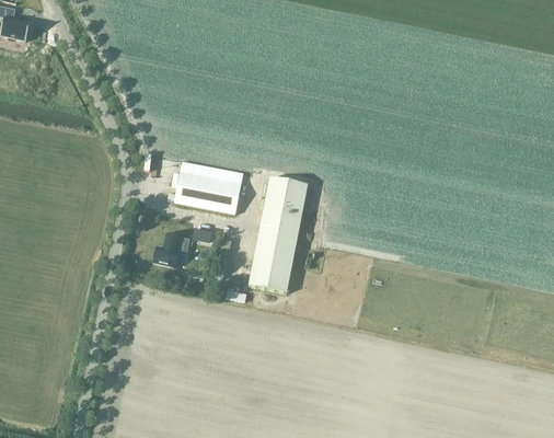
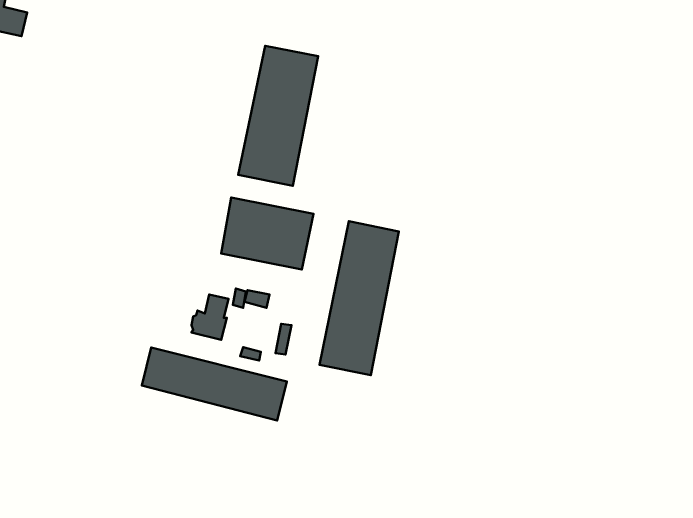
building: none -> [238,46,318,186]
building: none -> [142,347,287,420]

